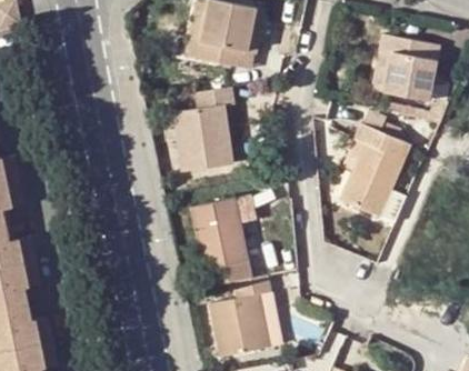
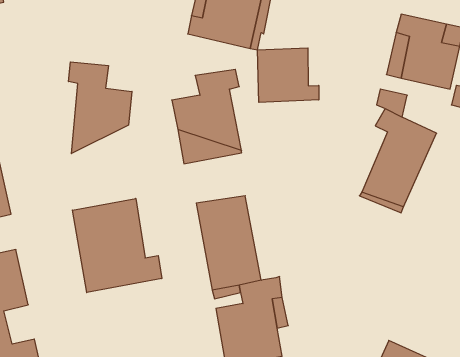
building: none -> [258,48,319,102]
building: none -> [69,62,132,154]
building: none -> [72,198,162,293]

